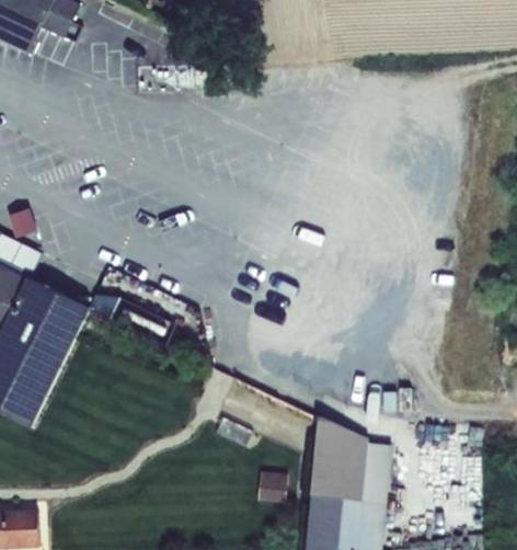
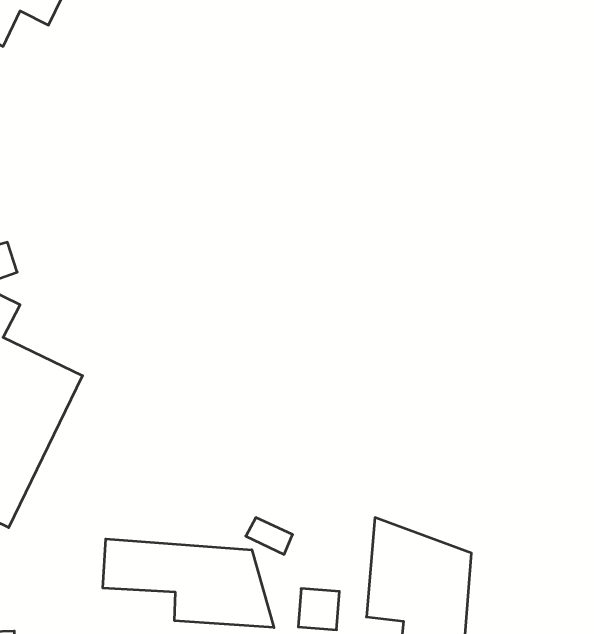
building: none -> [103,539,274,628]

